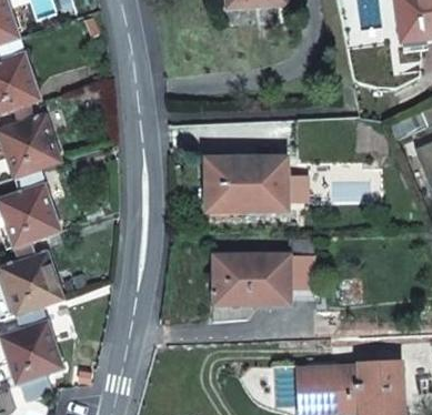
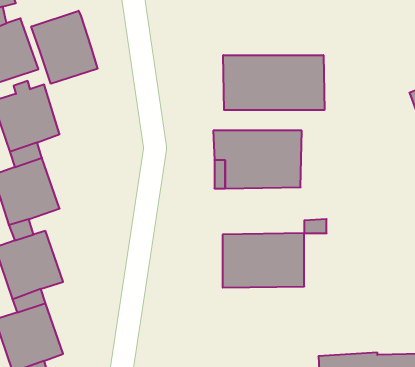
building: none -> [31,11,98,84]
building: none -> [223,55,324,110]

